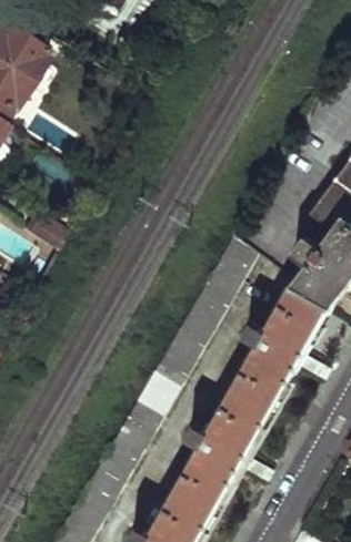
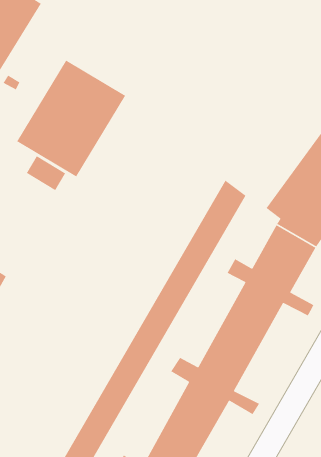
building: none -> [16,60,126,178]

